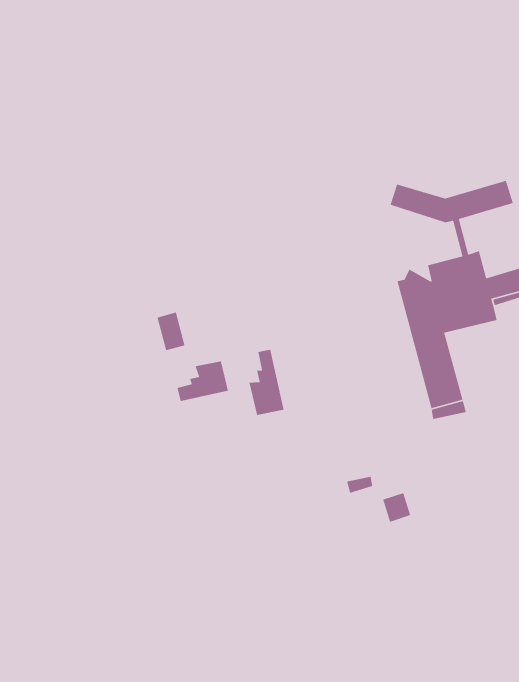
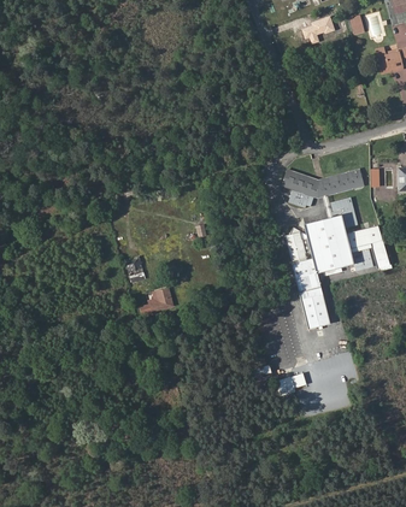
building: [249,349,284,416] -> none

